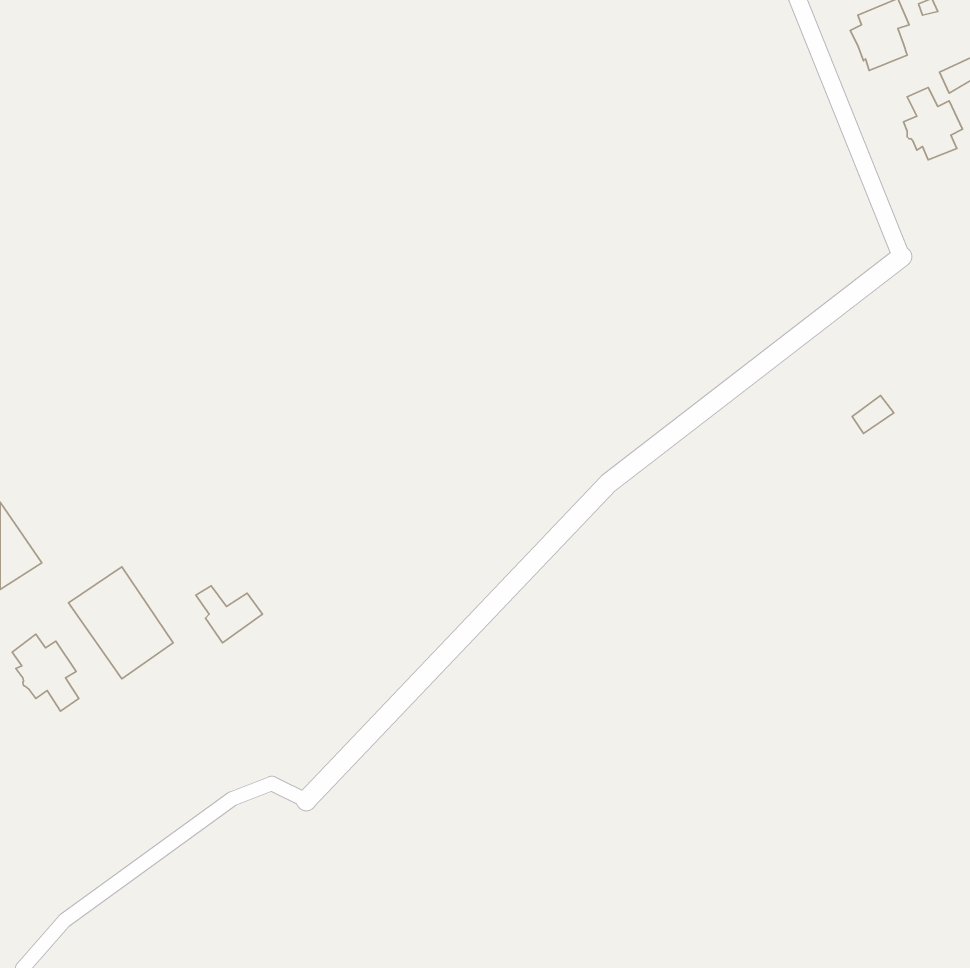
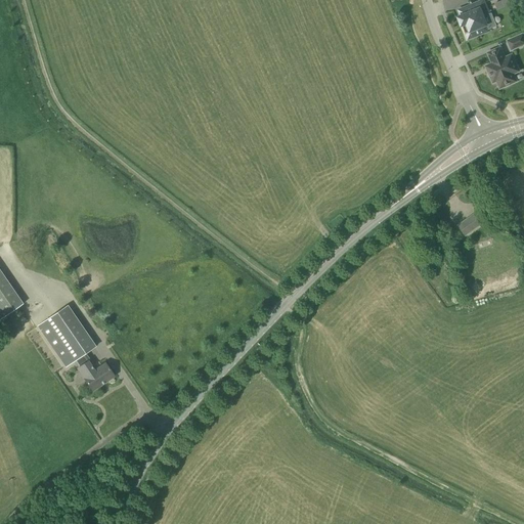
building: [196,586,263,643] -> [78,358,114,389]
building: [12,634,79,711] -> none

